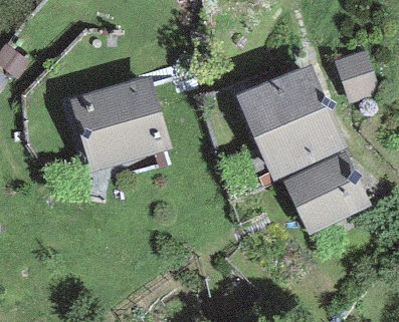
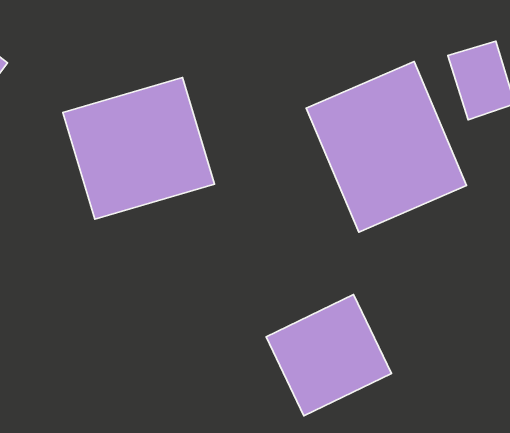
building: [283,151,370,235] -> [266,295,391,416]

